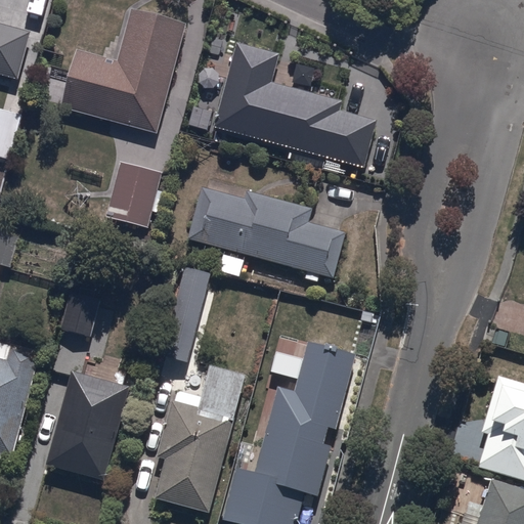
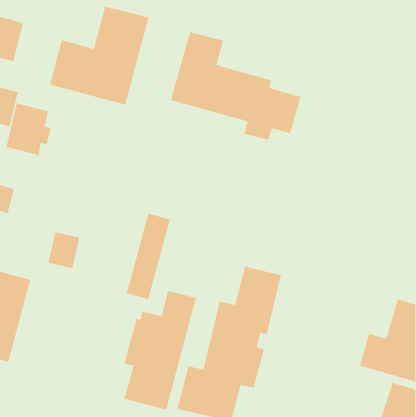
building: [106,162,164,228] -> [6,103,51,156]
building: [187,187,345,283] -> none
building: [47,361,131,480] -> none

